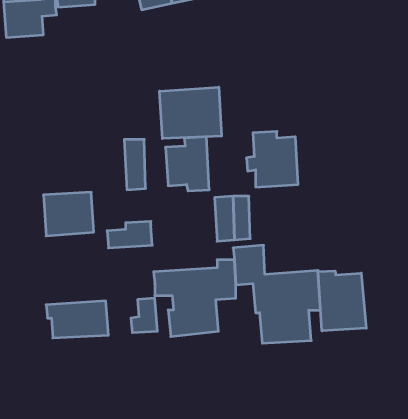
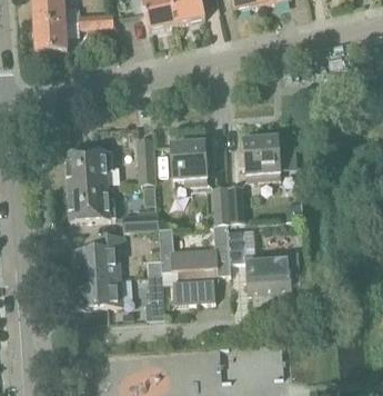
building: [160,87,222,139] -> none
building: none -> [65,148,108,185]
building: none -> [70,232,124,277]
building: [318,271,366,331] -> none

